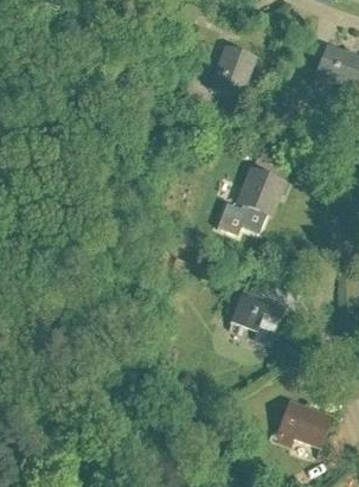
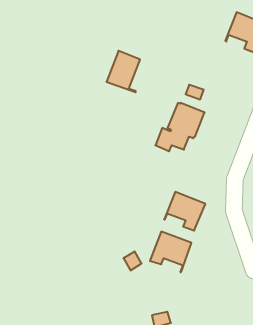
building: [210,44,256,101] -> [106,51,140,92]
building: [275,399,332,455] -> [150,232,191,272]

